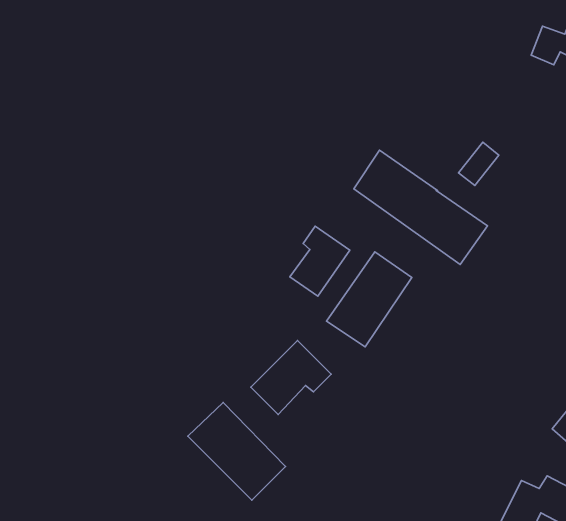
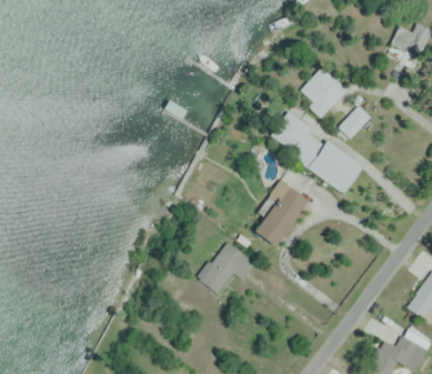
building: none -> [301,68,348,113]
building: [290,226,350,296] -> none
building: [188,402,286,500] -> none

